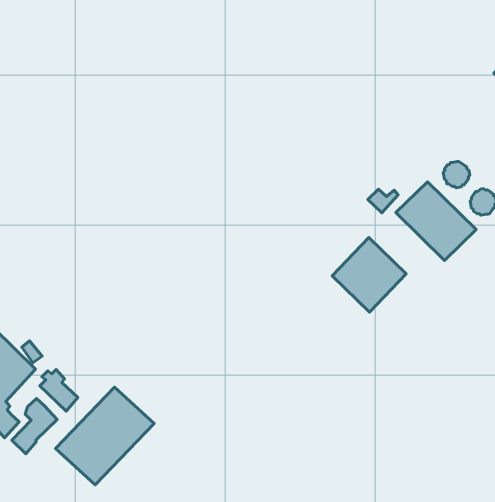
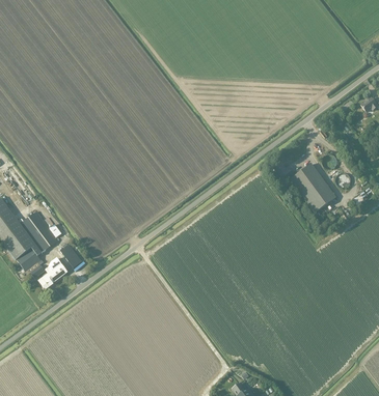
building: [332,237,406,312] -> none
building: [56,387,154,485] -> none

